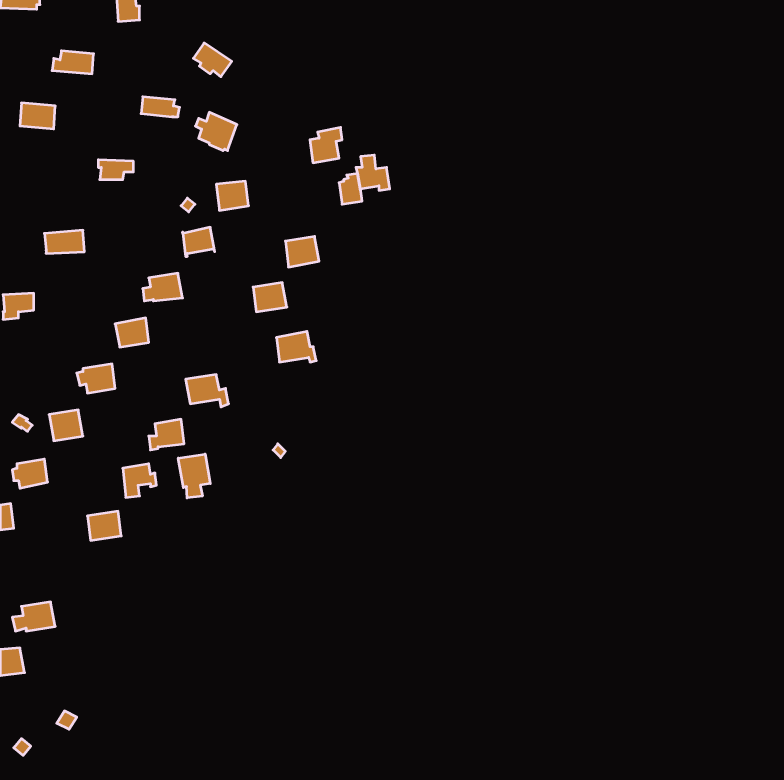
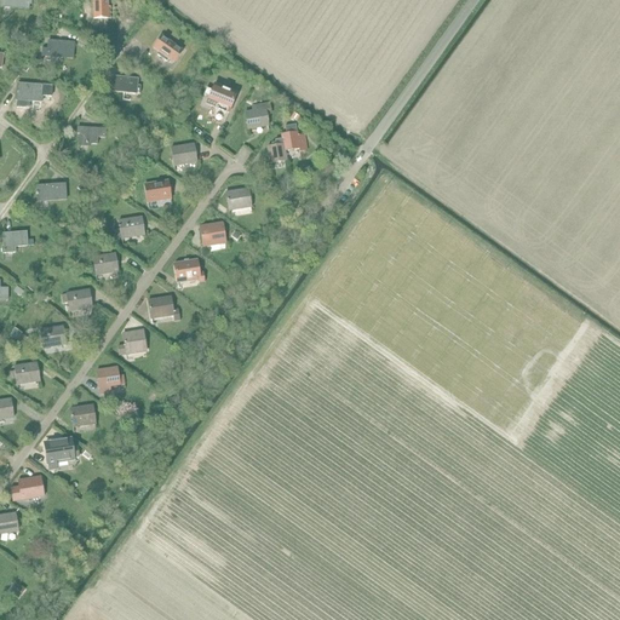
building: [195,112,237,151] -> [203,81,236,111]
building: [276,331,316,362] -> [173,258,205,282]
building: [178,454,210,498] -> none
building: none -> [44,437,79,469]

